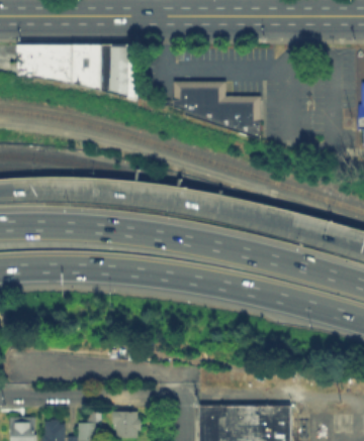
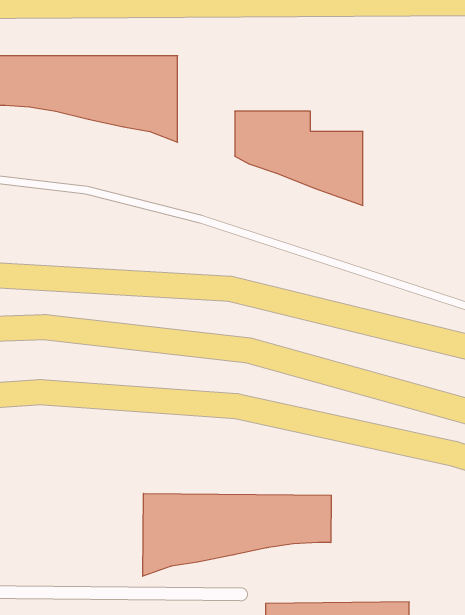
building: none -> [143,493,331,576]

